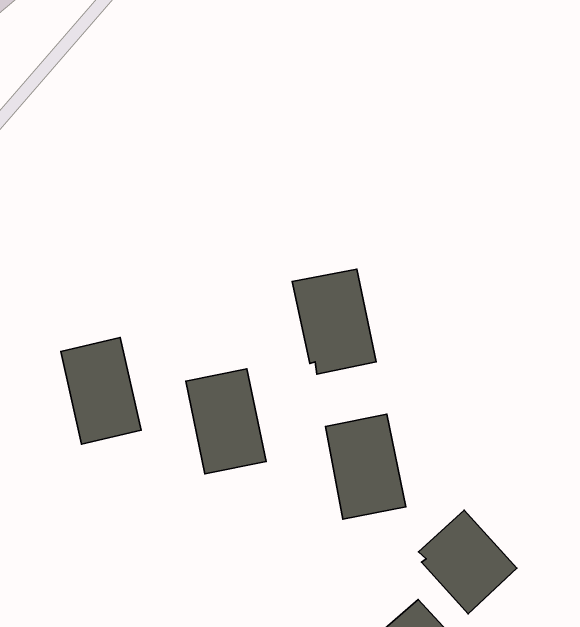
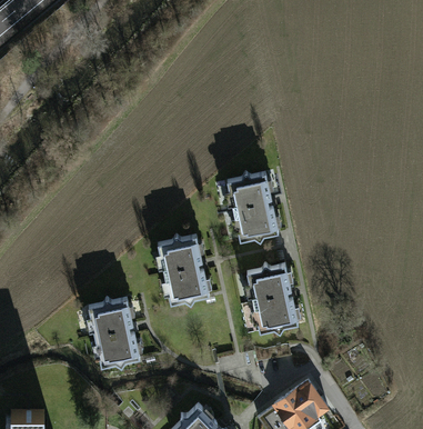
building: [61,337,141,444] -> [89,298,140,366]
building: [419,510,517,614] -> none

